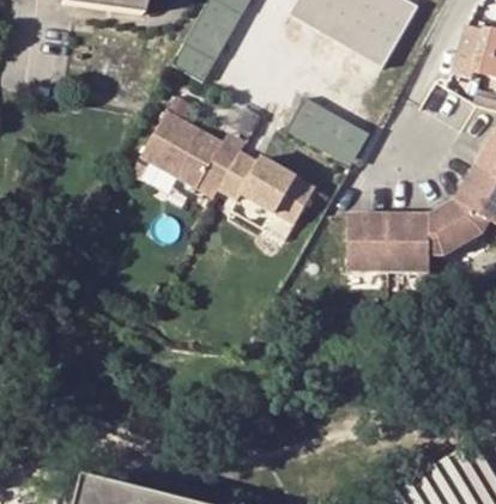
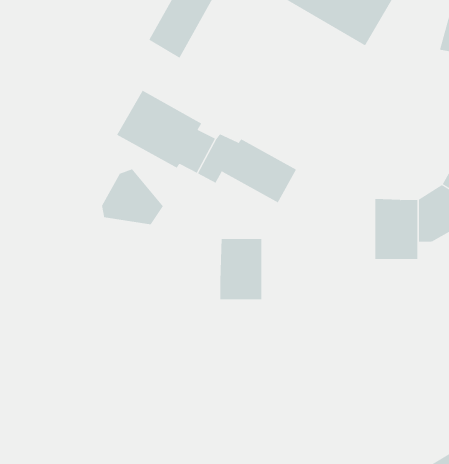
building: [289,97,364,159] -> none
building: none -> [101,168,163,225]
building: [350,214,391,273] -> [220,239,262,300]

